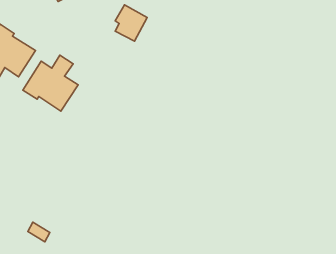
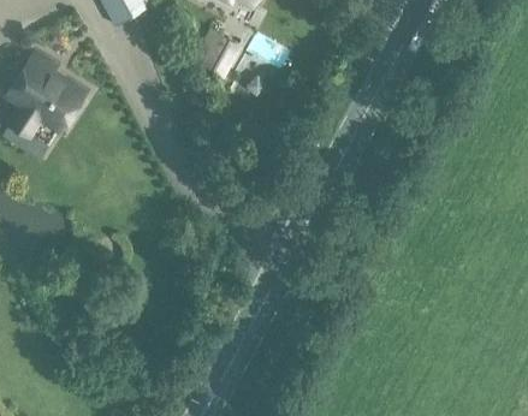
building: [23,55,78,111] -> none

